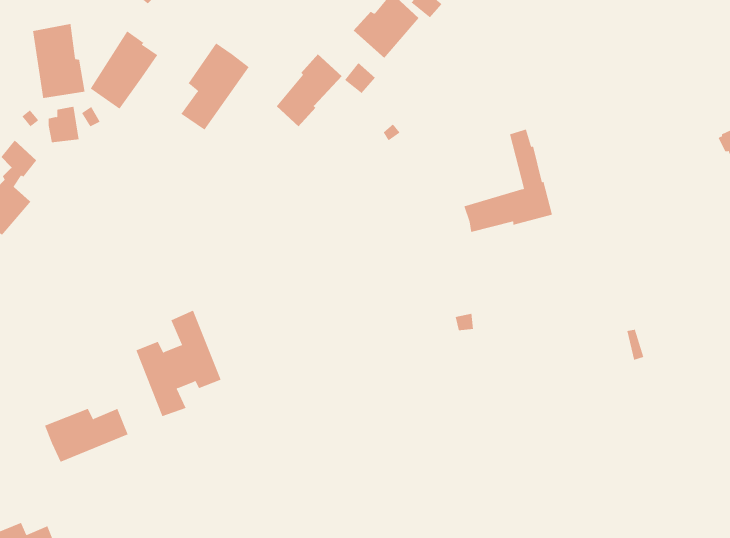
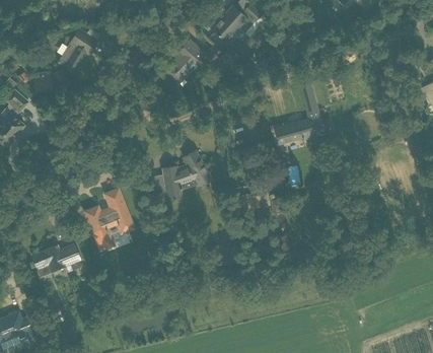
building: [33,23,85,99] -> none
building: [181,43,249,131] -> none
building: none -> [162,150,211,200]

